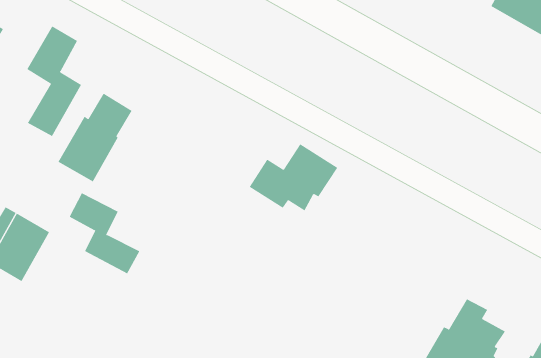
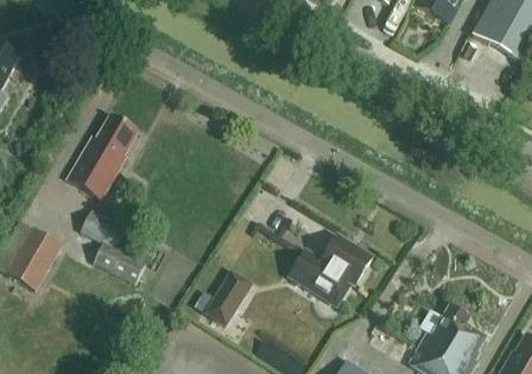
building: [26,26,82,137] -> none
building: [249,144,338,211] -> [290,235,373,298]
building: none -> [205,271,247,323]

